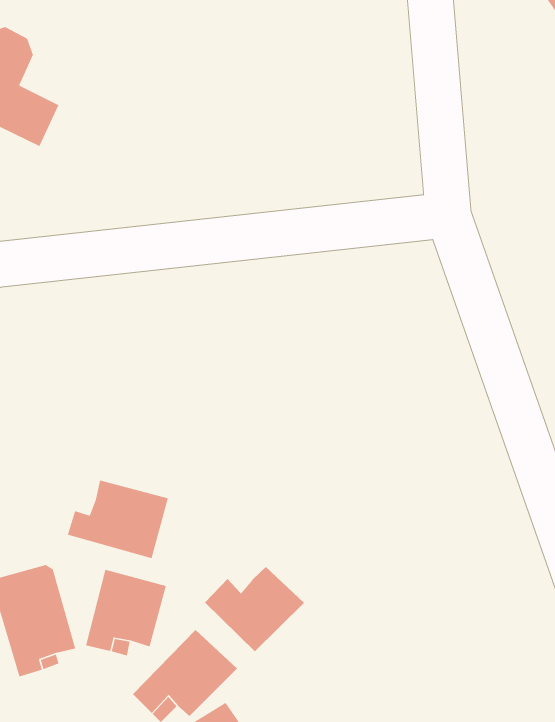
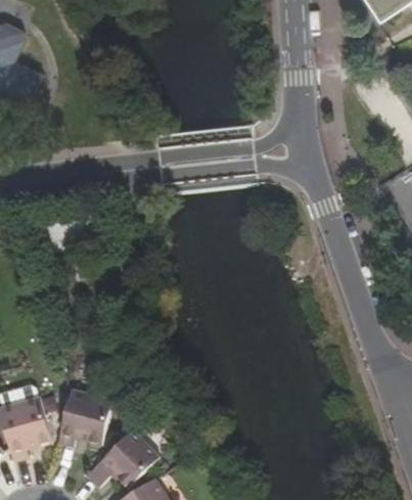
building: [67,479,169,559] -> none
building: [204,566,305,652] -> none

